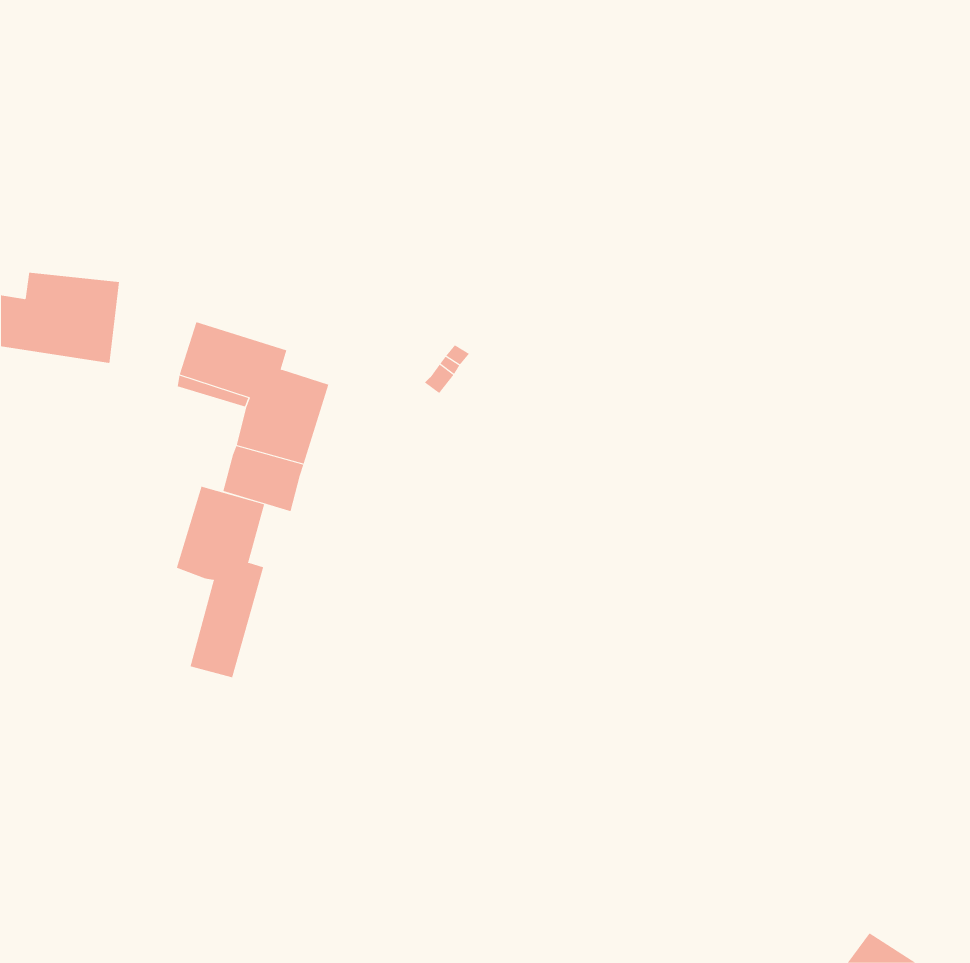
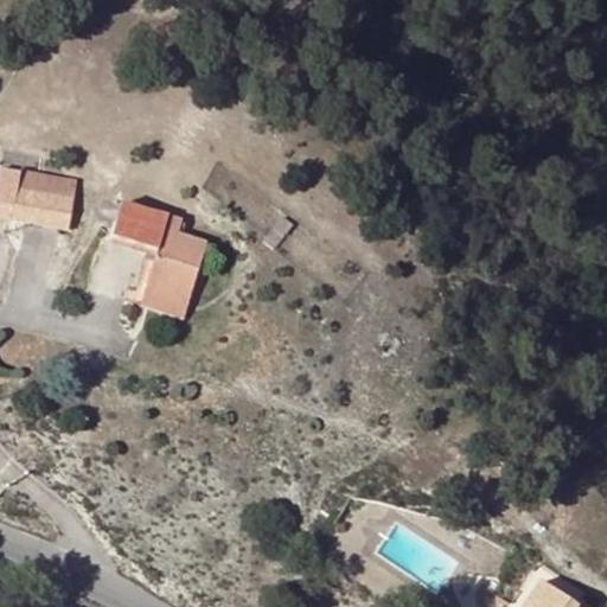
building: [176,486,265,678] -> none

